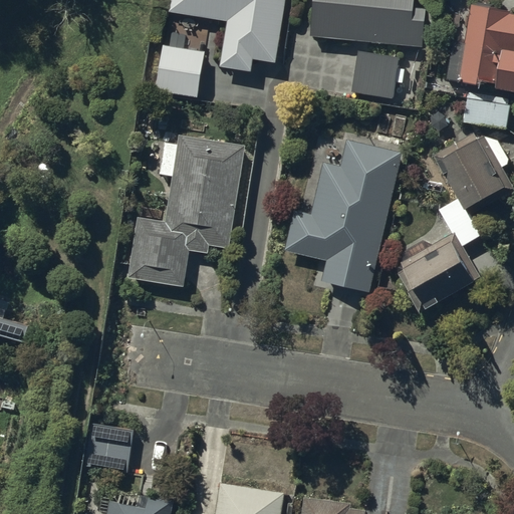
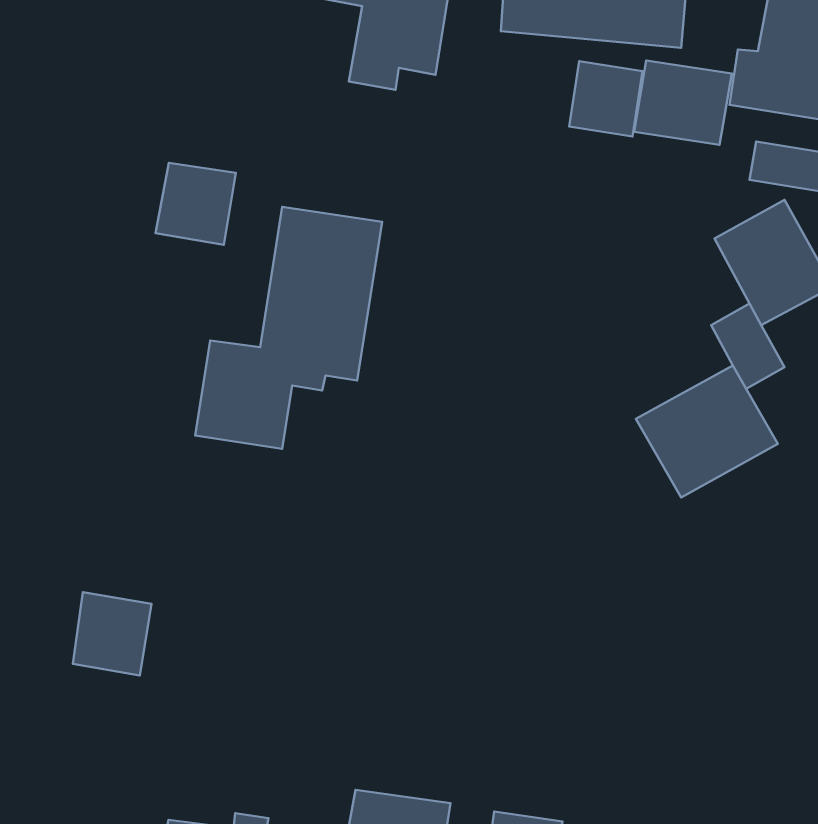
building: [156,46,204,95] -> [156,163,236,245]
building: none -> [634,60,732,145]
building: [286,141,398,289] -> none
building: [85,427,133,477] -> [73,592,151,676]

